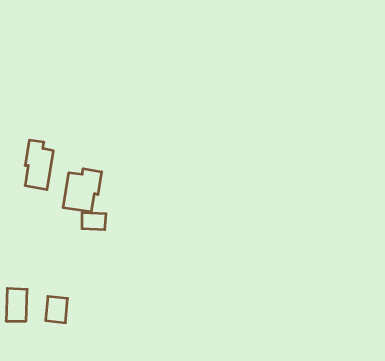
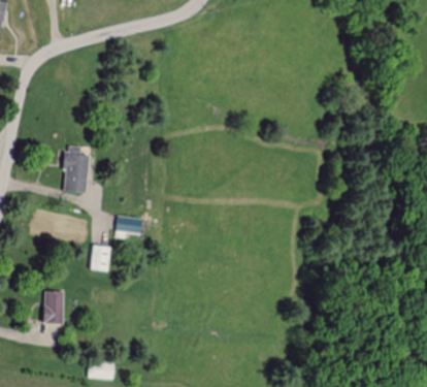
building: [63,169,102,212] -> none
building: [46,296,68,323] -> [92,246,113,271]

